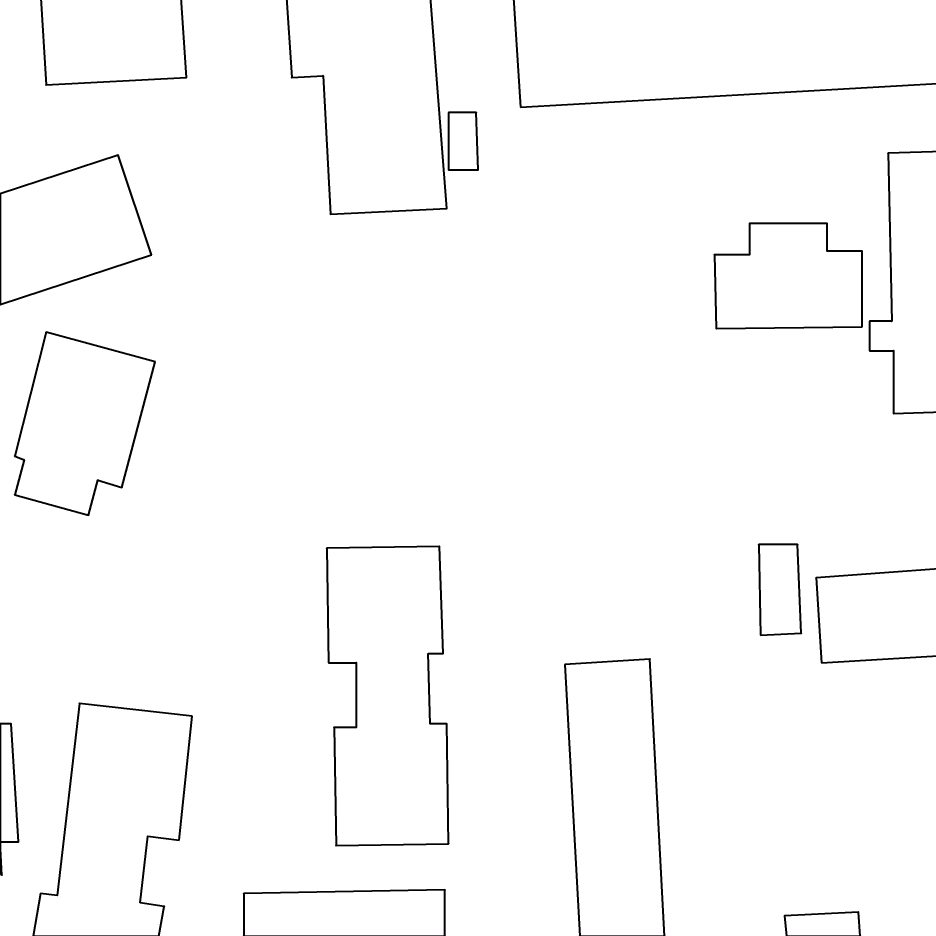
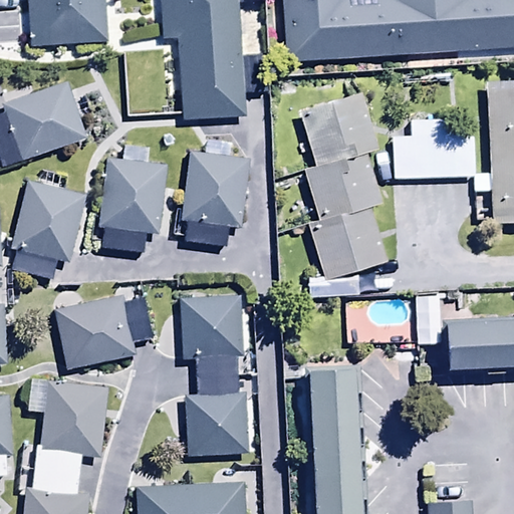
building: none -> [300,96,389,277]
building: none -> [182,152,249,246]
building: none -> [96,160,169,255]
building: none -> [59,289,158,363]

